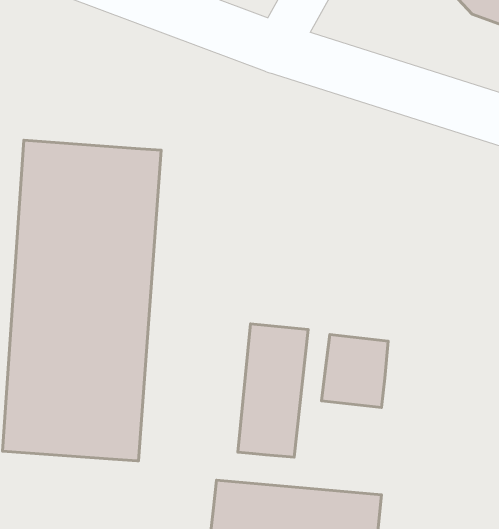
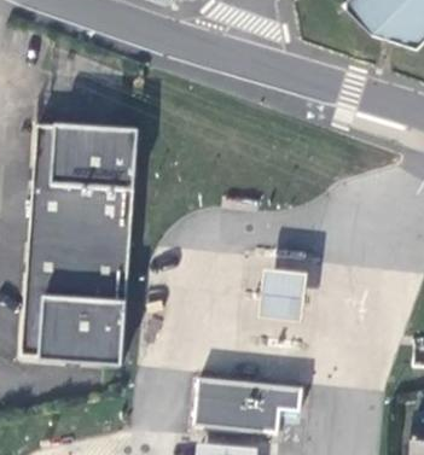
building: [238,324,308,457] -> none

